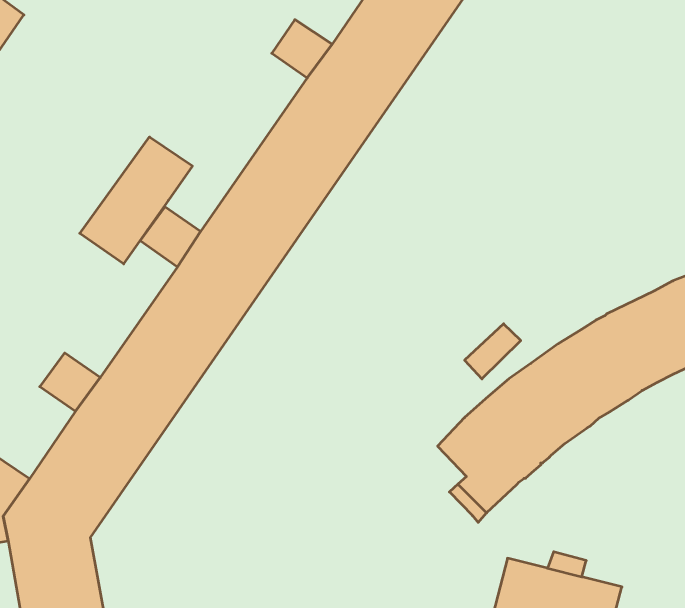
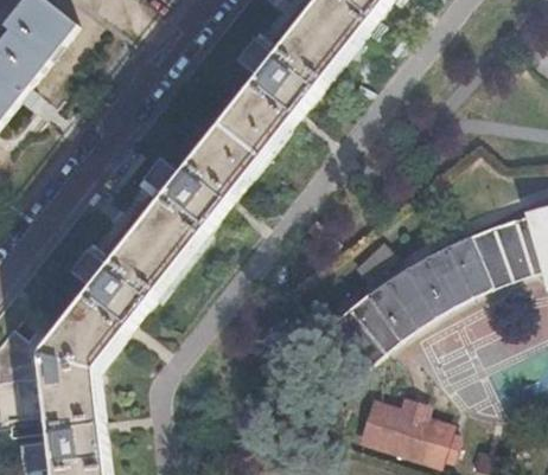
building: [80,137,192,264] -> none

